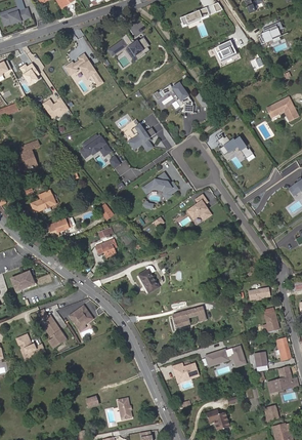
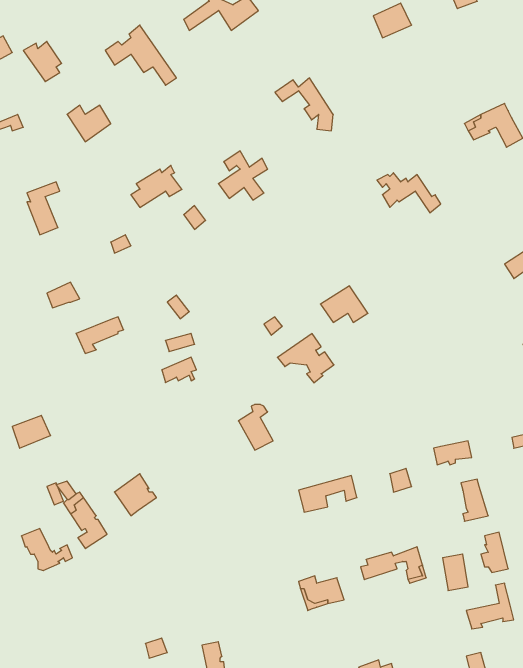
building: [145,171,177,199] -> [277,334,334,383]

